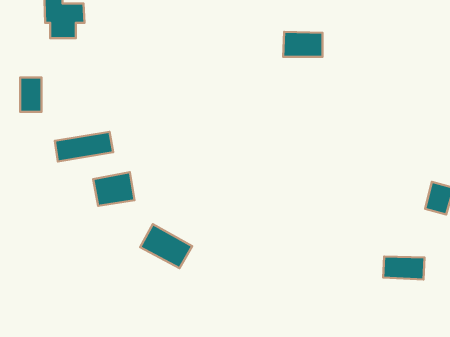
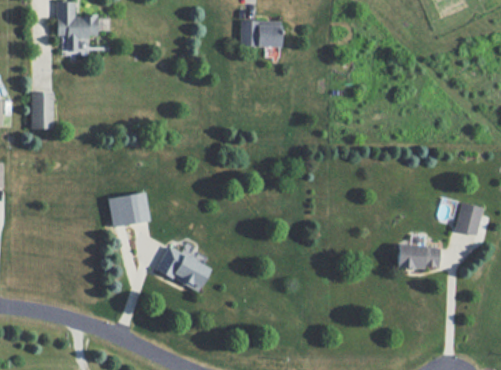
building: [283,32,323,57] -> [241,20,282,46]
building: [55,132,113,162] -> none
building: [383,257,425,280] -> [397,244,440,268]

